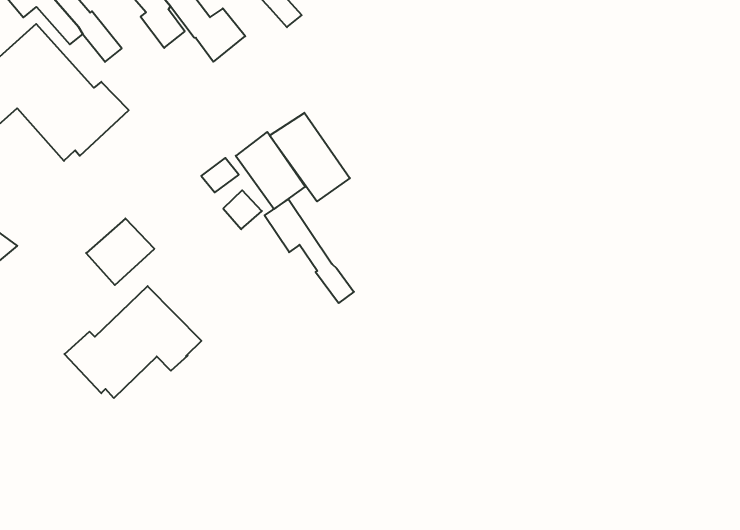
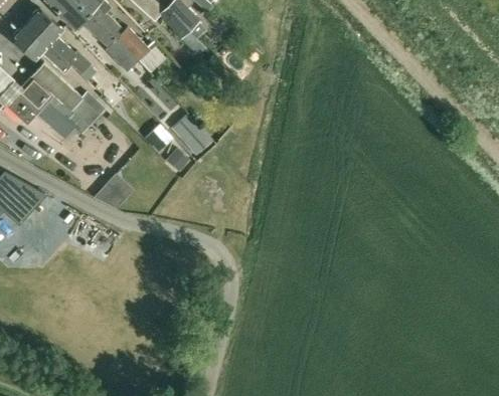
building: [270,113,350,201] -> none
building: [265,199,354,303] -> none
building: [64,286,201,398] -> none

